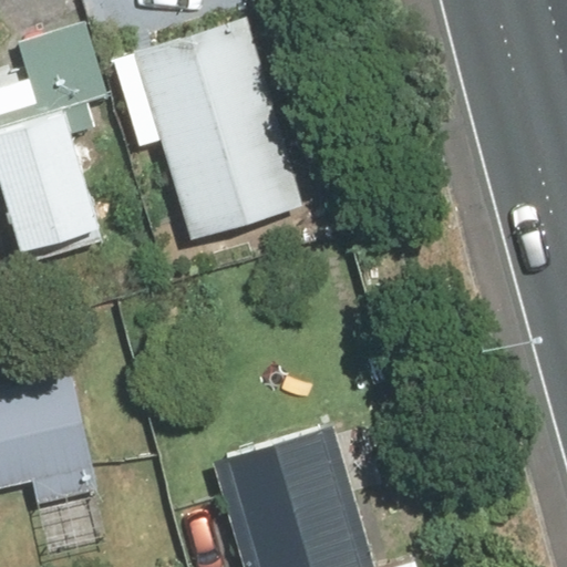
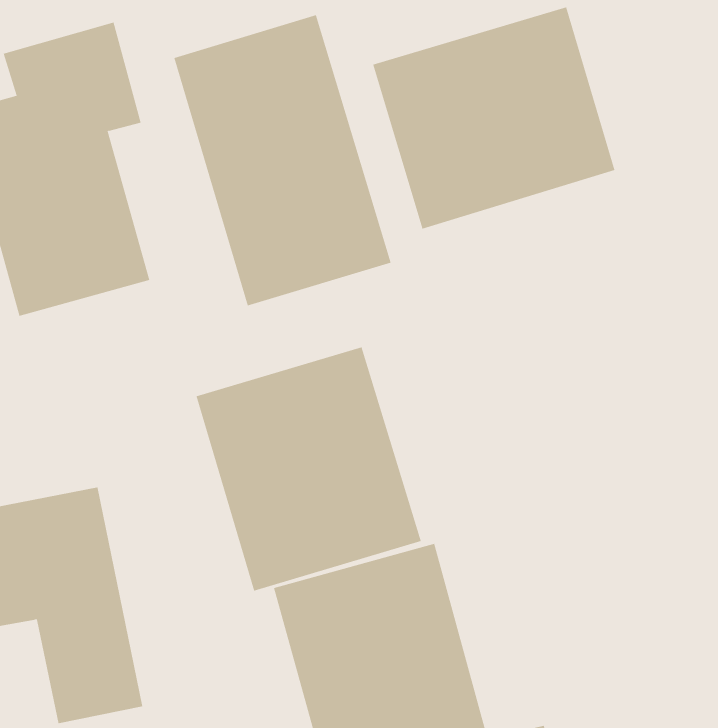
building: none -> [372,7,615,229]
building: none -> [196,346,421,592]

